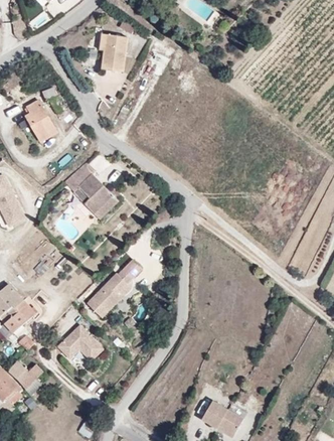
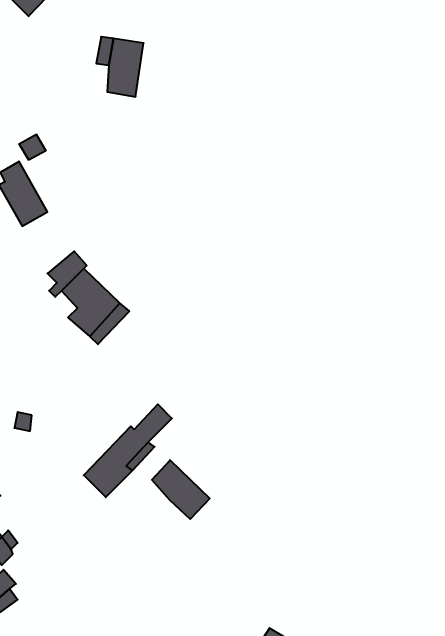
building: none -> [152,460,210,519]
building: [54,327,100,362] -> none

